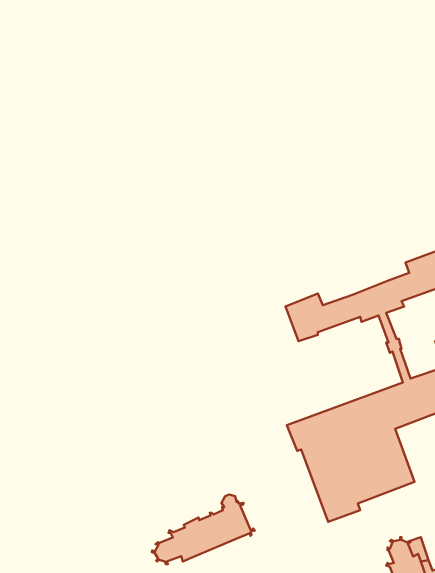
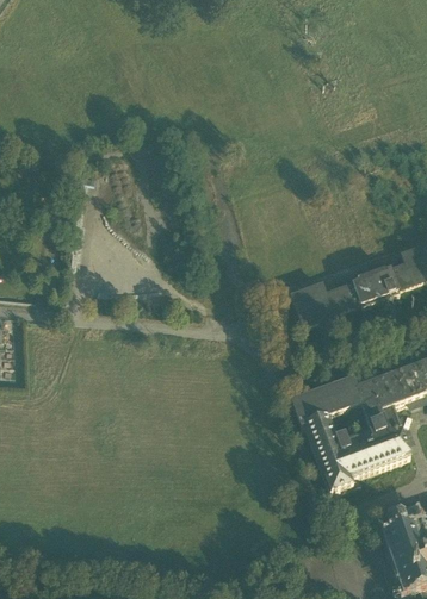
building: [152,494,255,564] -> none

